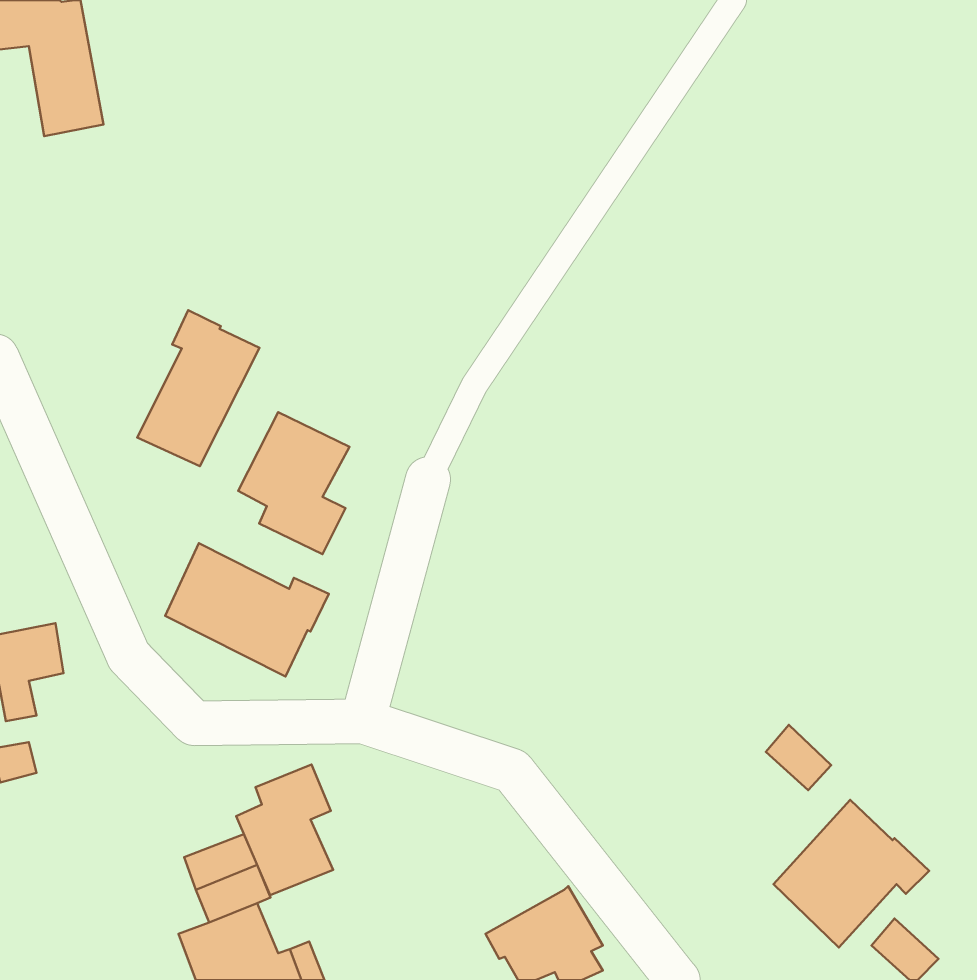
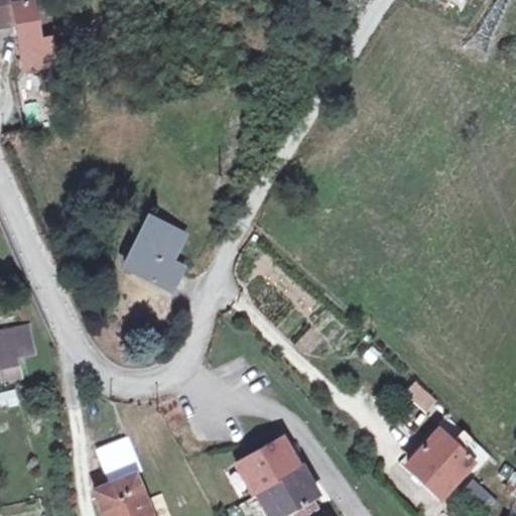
building: [137,310,259,466] -> none
building: [165,543,329,677] -> none
building: [236,765,333,895] -> none
building: none -> [239,437,296,493]

